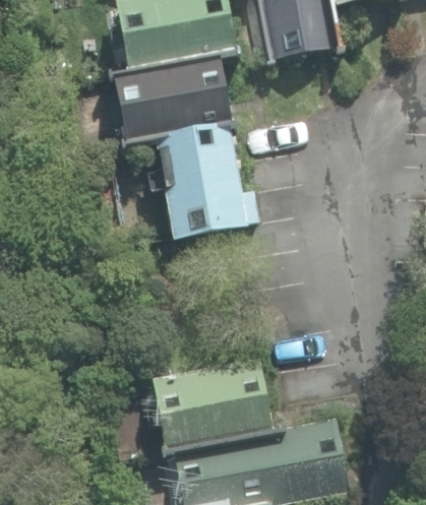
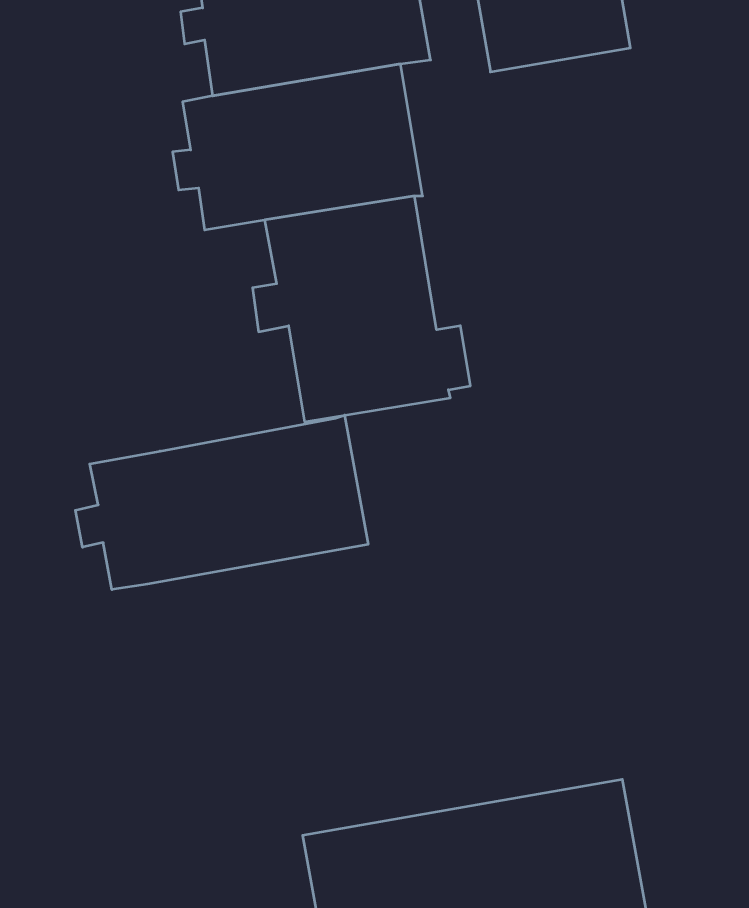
building: none -> [75,415,368,590]
building: [150,357,270,450] -> none

